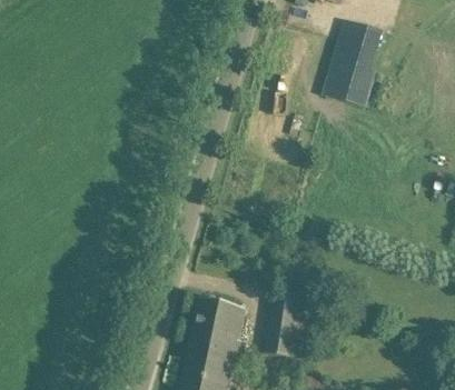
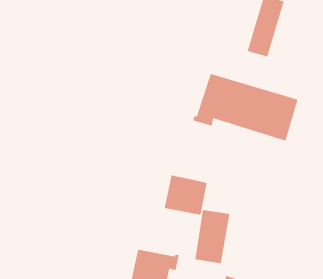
building: none -> [193,73,298,141]
building: [192,297,248,348] -> [164,175,208,215]

